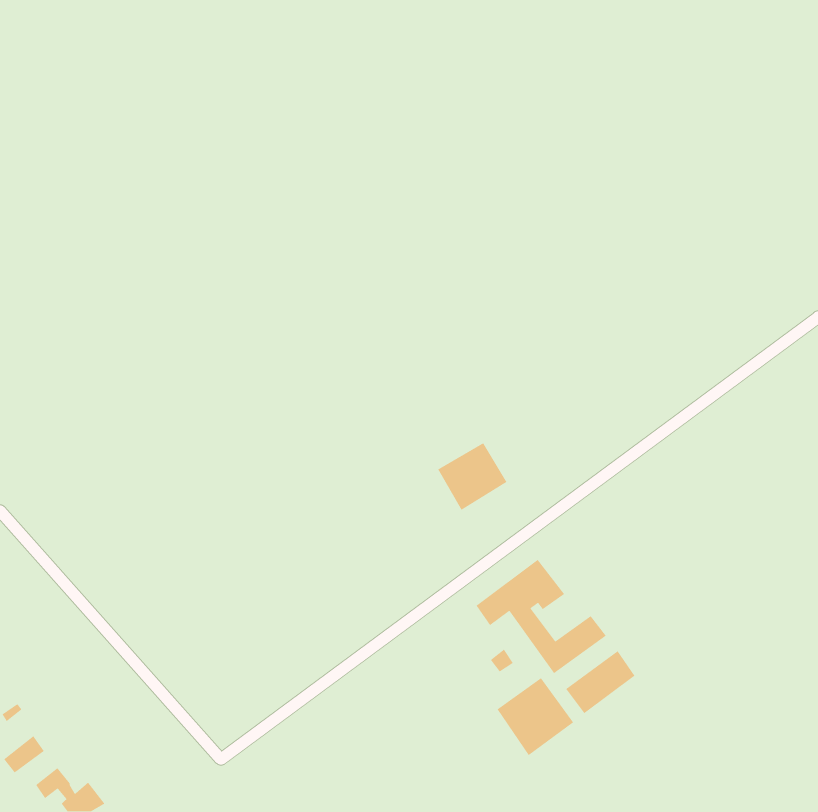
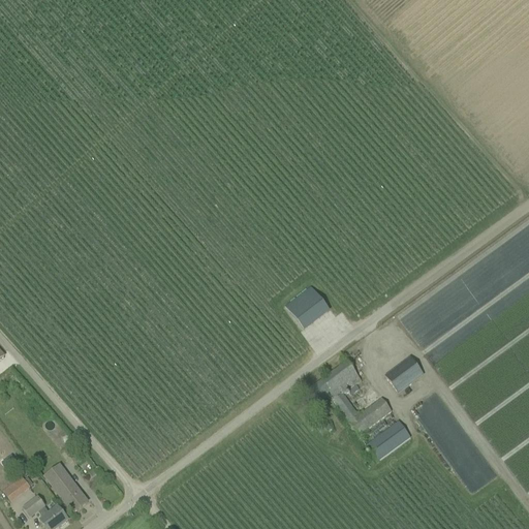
building: none -> [385,356,423,392]
building: [496,677,574,756] -> none
building: none -> [44,464,88,511]

